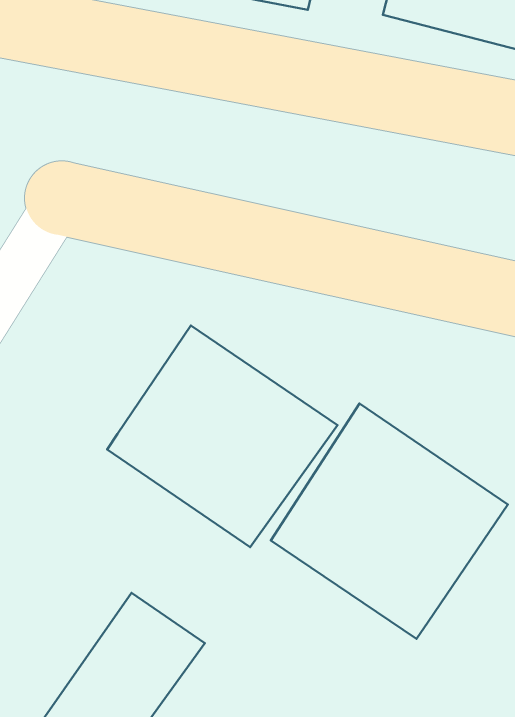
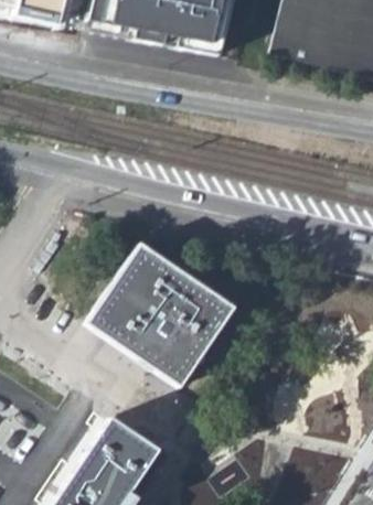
building: [271,403,508,639] -> none

